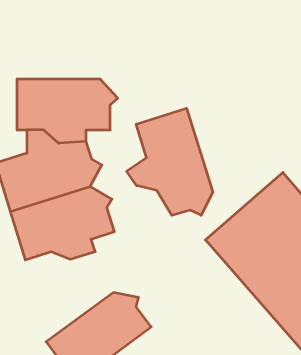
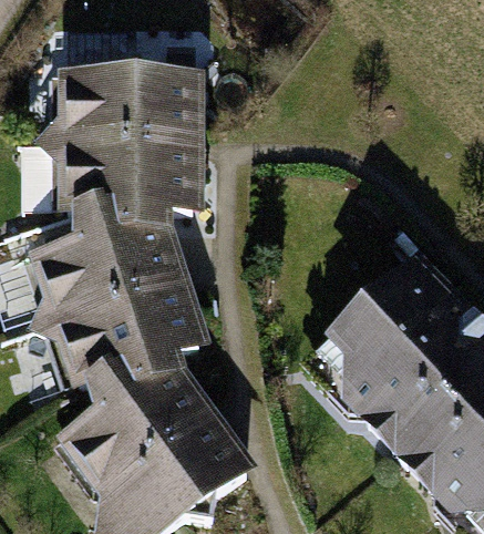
building: none -> [63,71,197,137]
building: [127,108,213,215] -> none
building: none -> [62,367,196,486]

